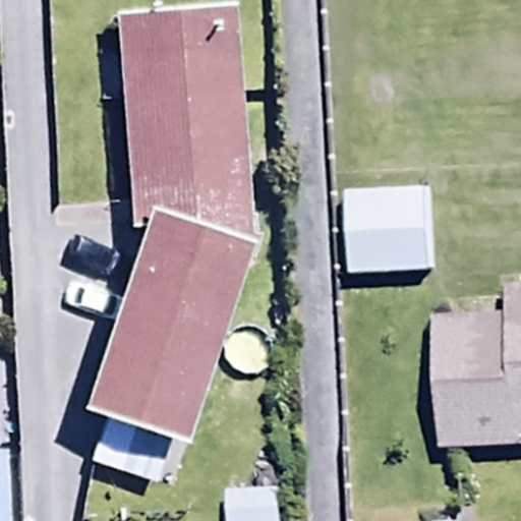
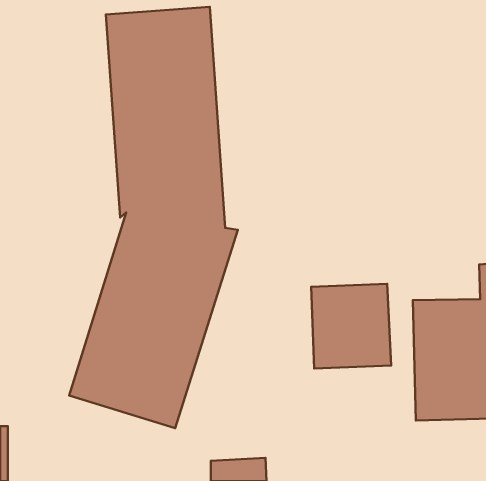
building: [353,182,438,272] -> [311,284,391,368]

